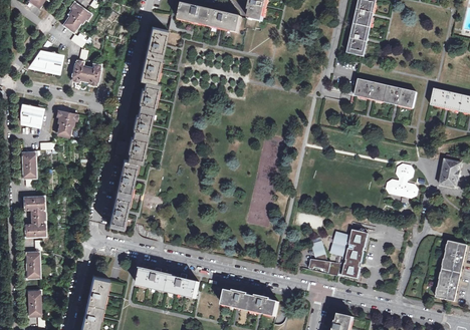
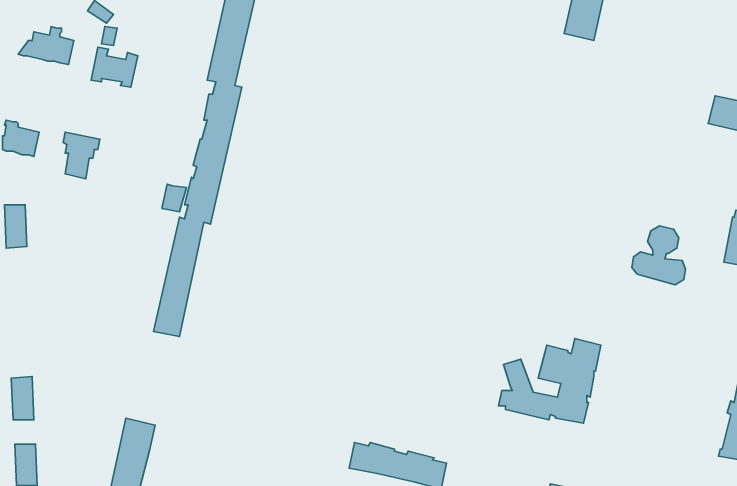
building: [355,78,417,108] -> none
building: [24,196,45,235] -> none
building: [138,268,199,298] -> none

